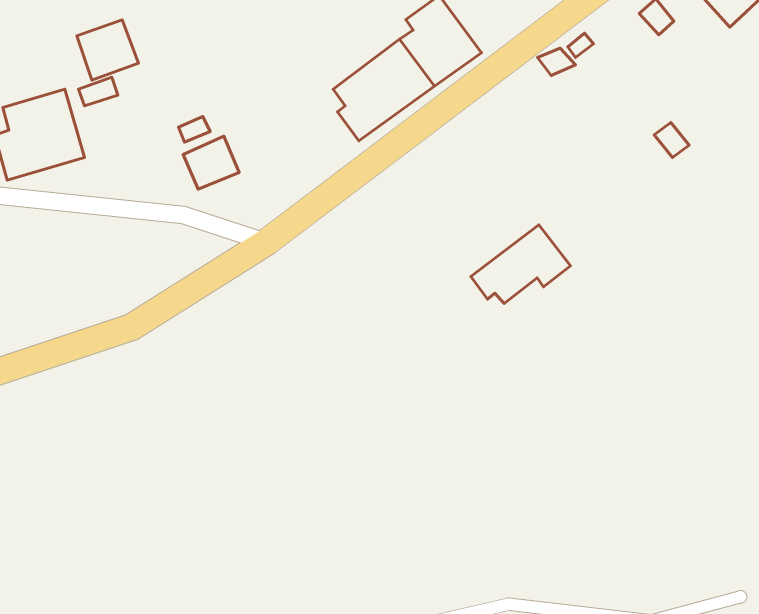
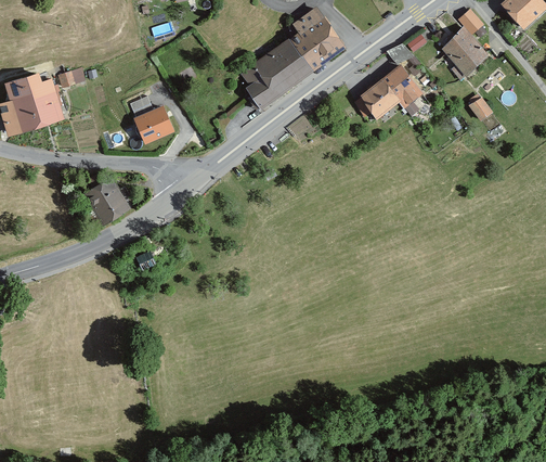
building: [77,20,138,80] -> none
building: none -> [443,28,491,79]
building: [471,225,571,304] -> [353,64,425,120]
building: none -> [84,178,129,223]

